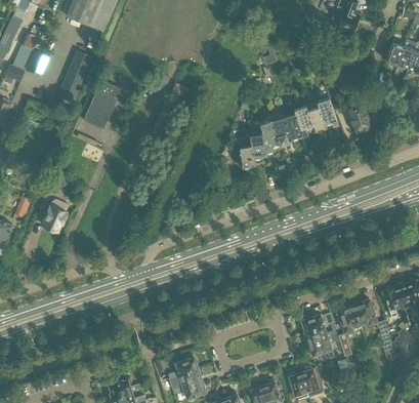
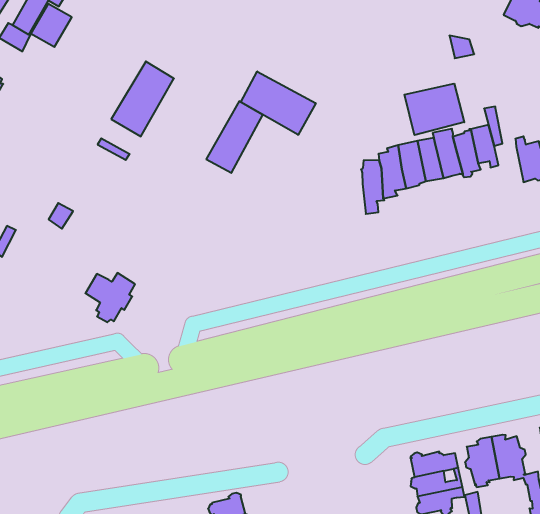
building: [56,49,92,102] -> none
building: none -> [404,84,464,135]
building: none -> [241,71,316,135]
building: [234,137,255,169] -> none
building: [36,200,68,233] -> [85,273,135,322]

